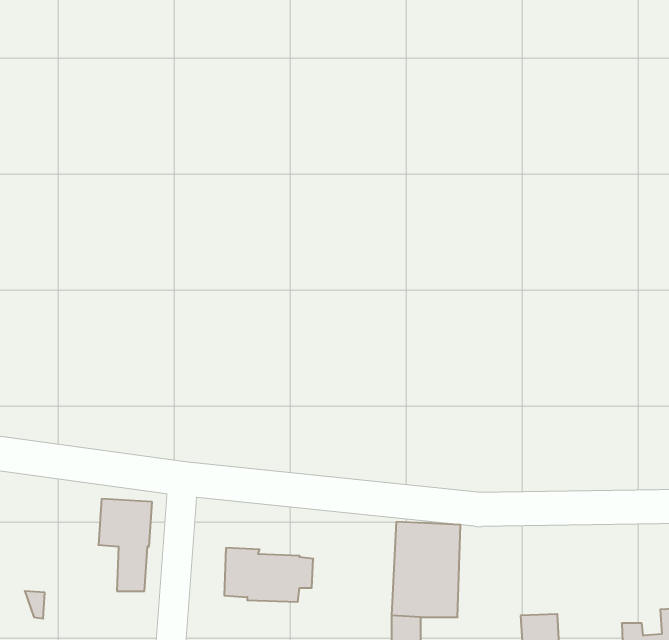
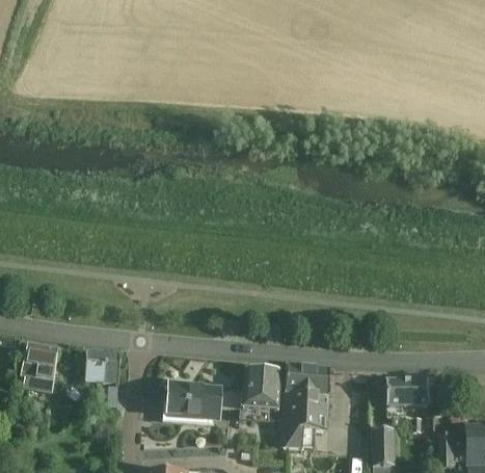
building: none -> [22,342,60,388]
building: none -> [228,369,281,413]
building: none -> [386,379,428,406]

